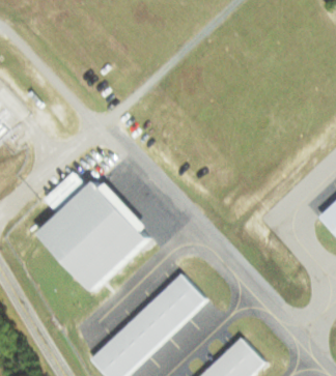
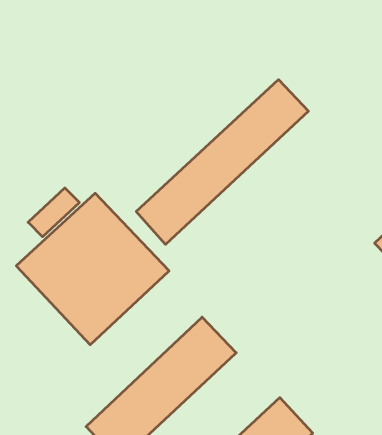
building: none -> [136,80,308,244]

